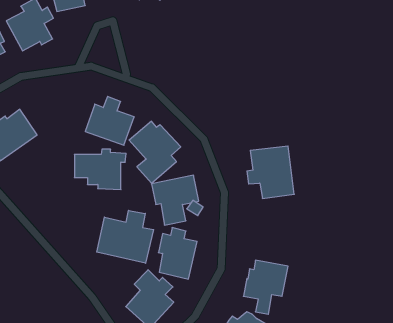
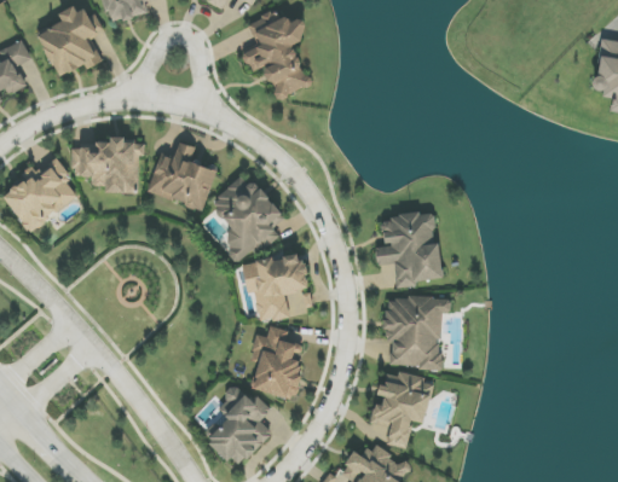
building: none -> [242,11,310,98]
building: [74,149,126,190] -> [73,135,145,192]
building: none -> [383,295,451,367]
building: [97,210,154,263] -> none

